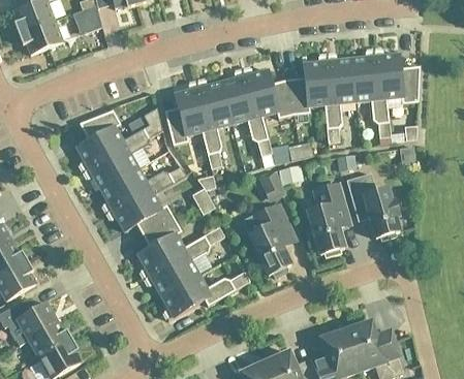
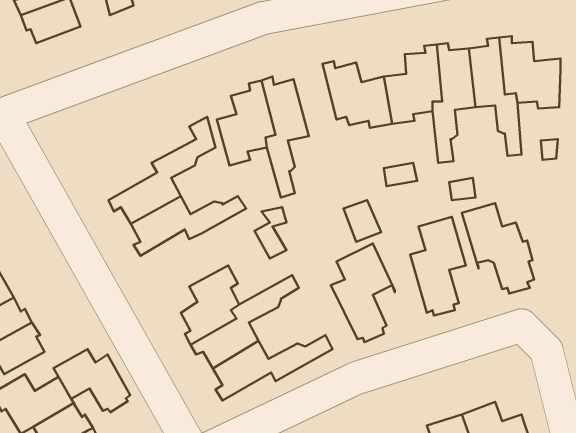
building: [221,69,272,155] -> none
building: [76,109,122,170] -> none
building: [107,192,173,234] -> none
building: none -> [53,349,130,412]

